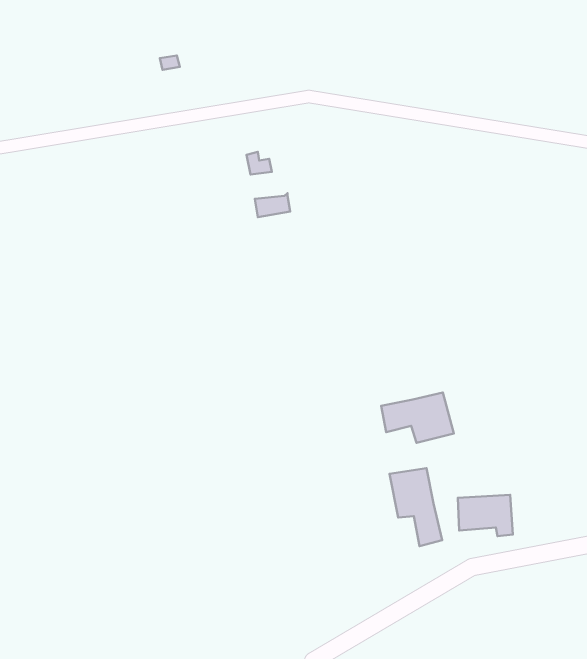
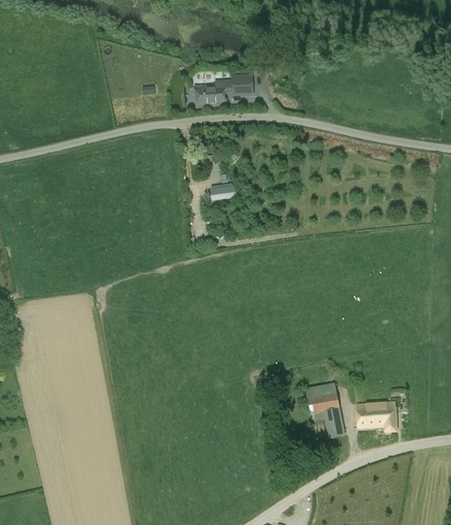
building: none -> [195,75,253,107]
building: [381,392,454,443] -> none

